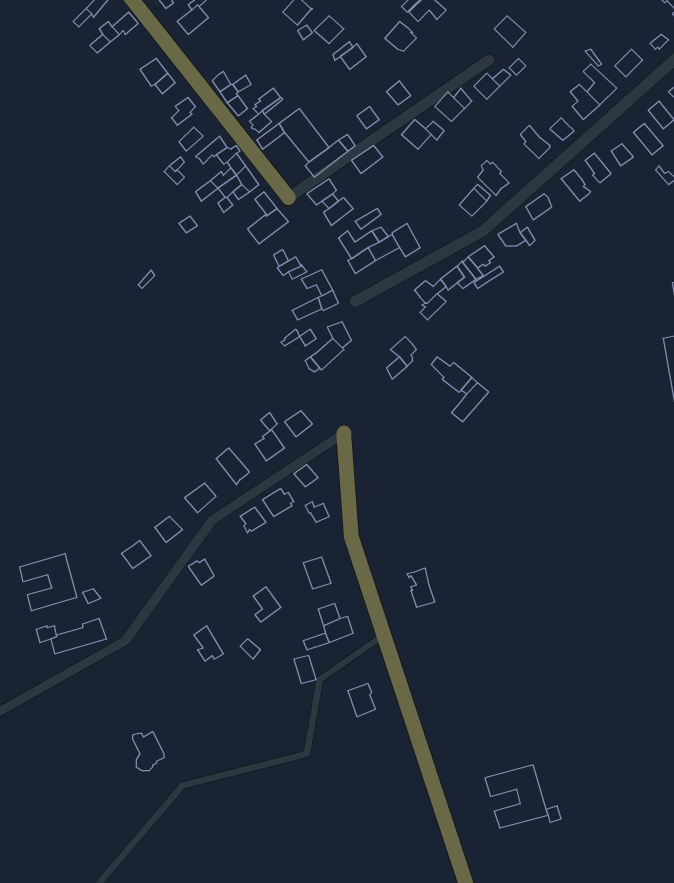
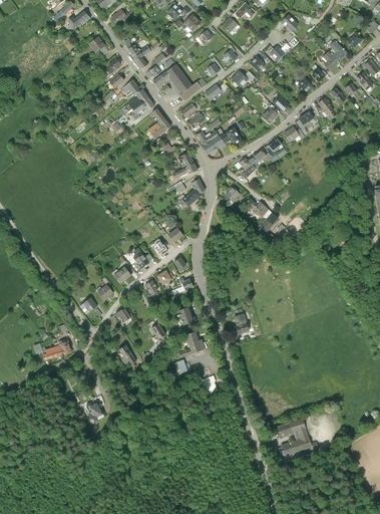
building: [20,553,77,611] -> none

